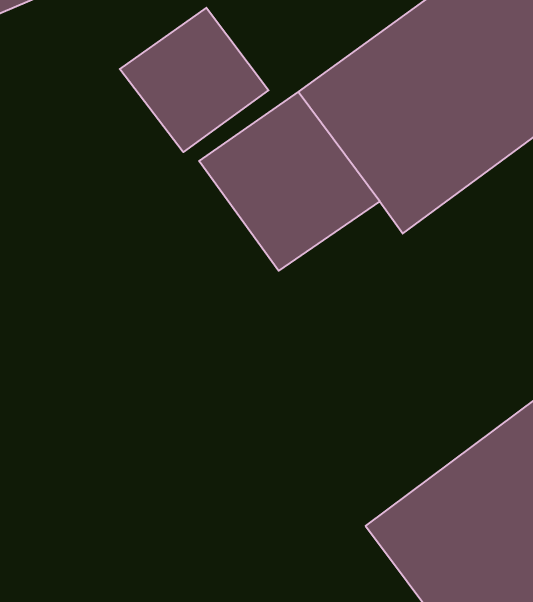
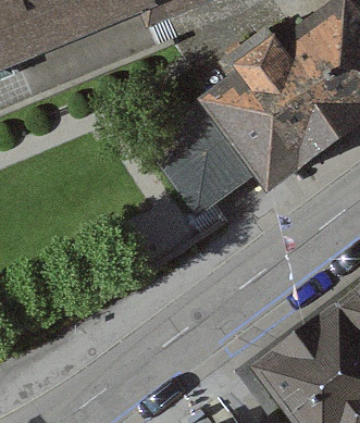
building: [120,8,269,152] -> none

